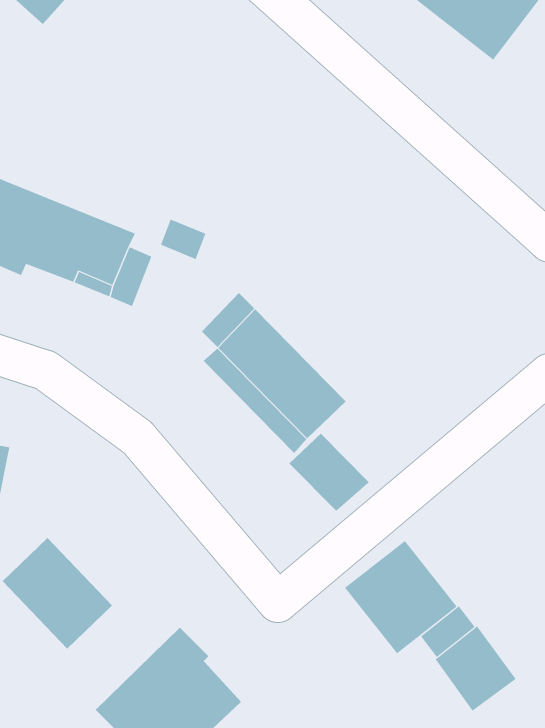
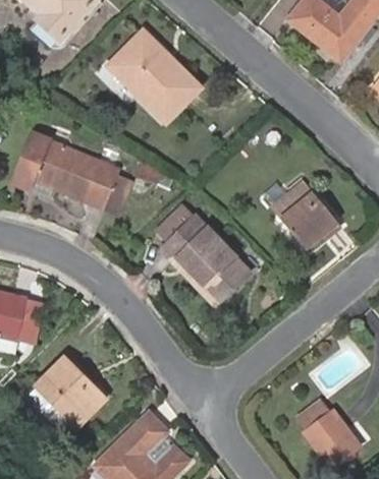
building: none -> [111,31,201,121]
building: none -> [273,179,339,250]
building: [289,433,370,512] -> none
building: [344,540,458,654] -> none

